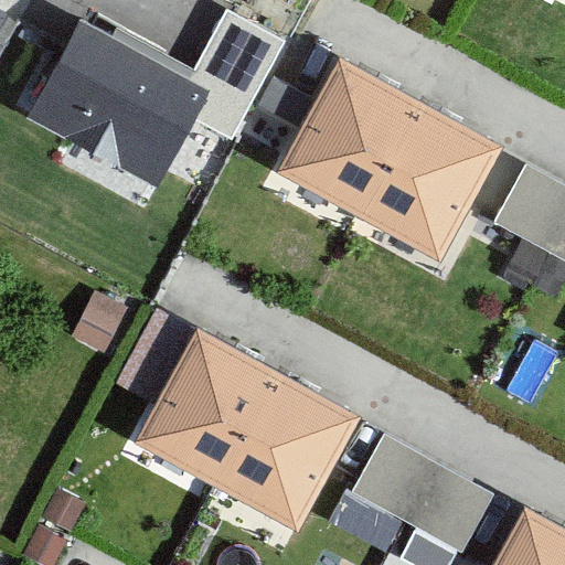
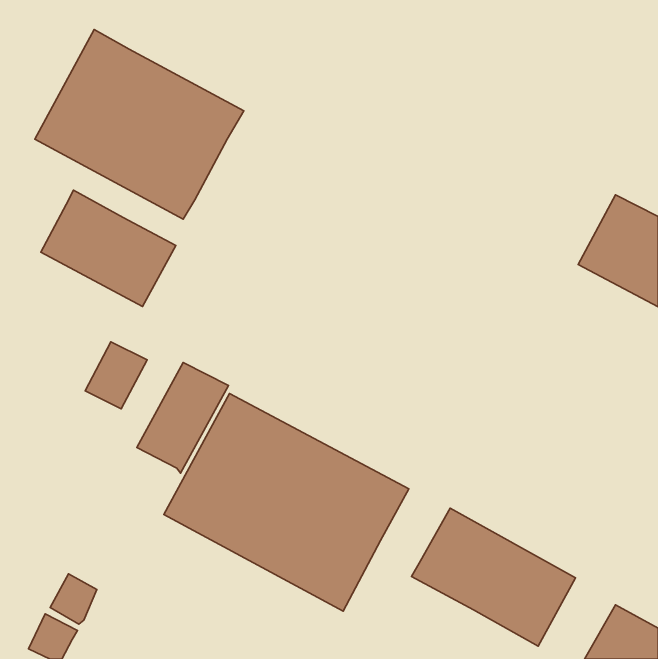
building: [110,10,286,140] -> none
building: [285,67,491,250] -> none
building: none -> [41,190,176,307]

